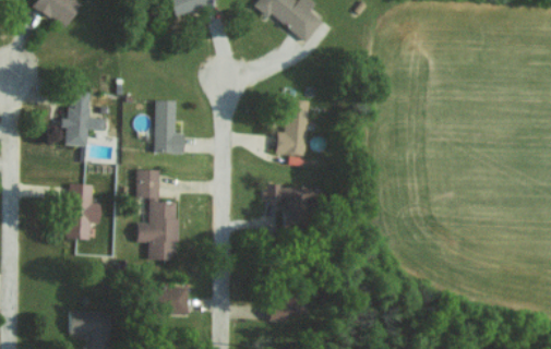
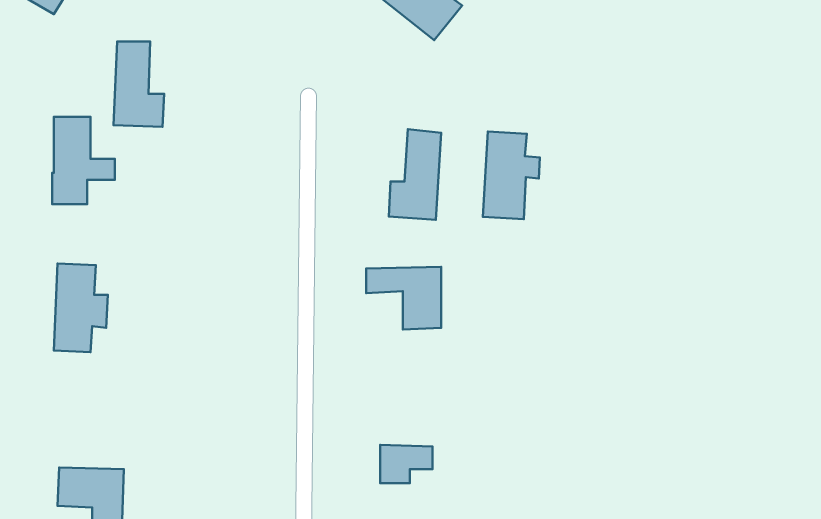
building: [153,101,184,155] -> [114,41,164,127]
building: none -> [483,132,540,219]
building: [135,170,178,262] -> none
building: [151,288,188,315] -> none

